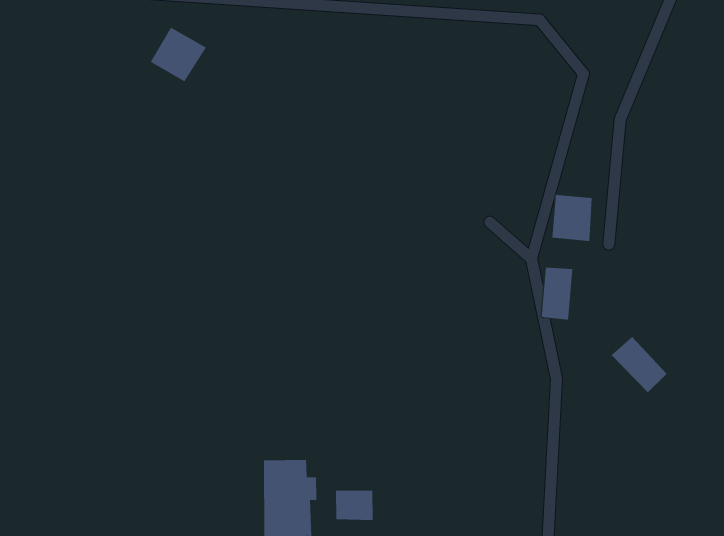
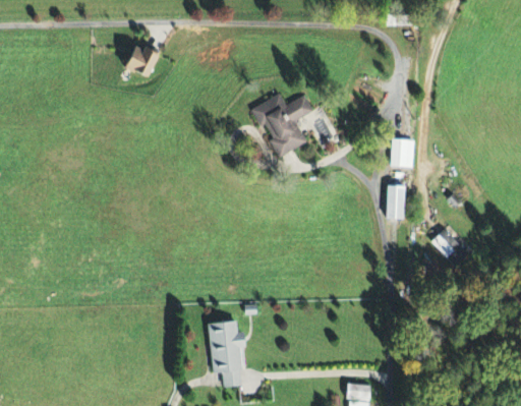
building: none -> [247,94,310,158]
building: [335,490,373,521] -> none

